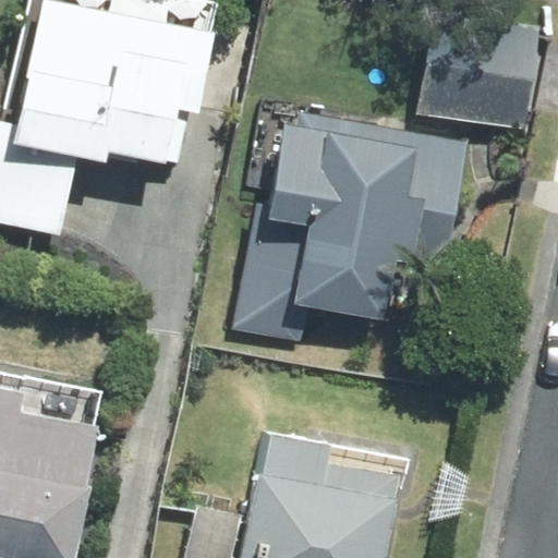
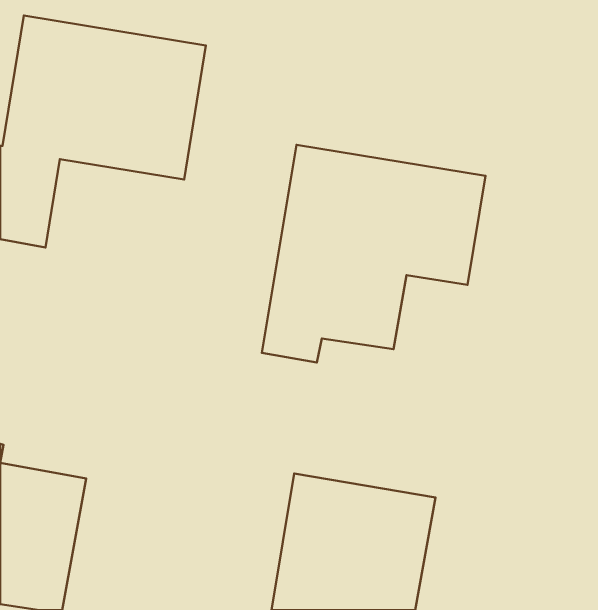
building: [420,22,539,130] -> none

